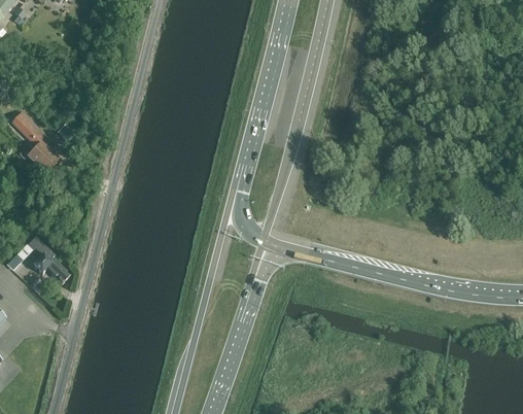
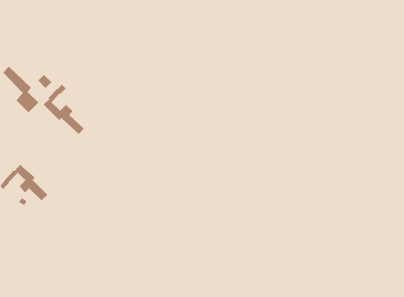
building: none -> [43,84,85,135]

